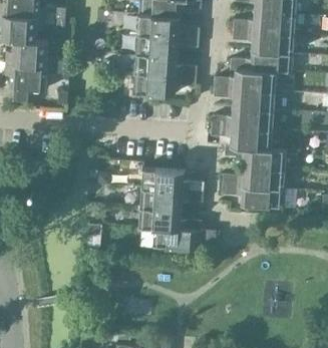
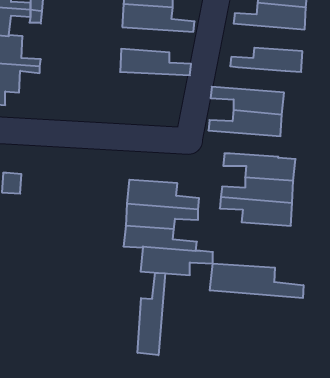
building: [234,30,296,54] -> none
building: [135,33,199,55] -> none
building: [215,68,279,90] -> none
building: [133,72,196,94] -> none
building: [211,123,275,146] -> none
building: none -> [210,264,303,298]
building: none -> [138,273,165,355]

